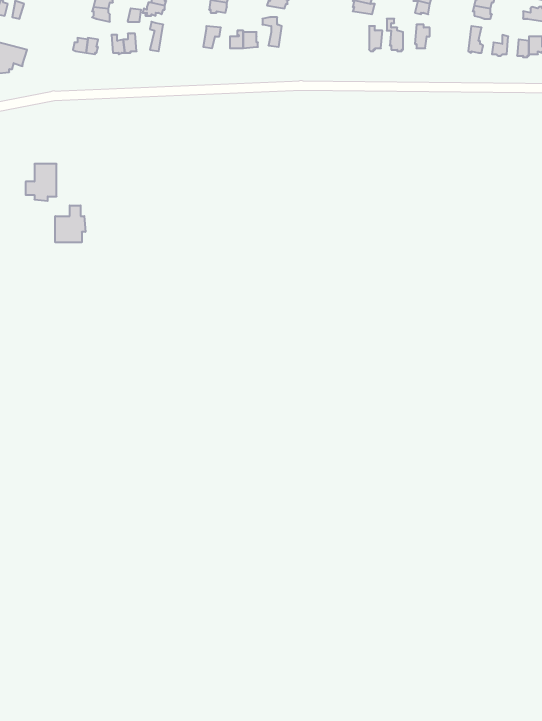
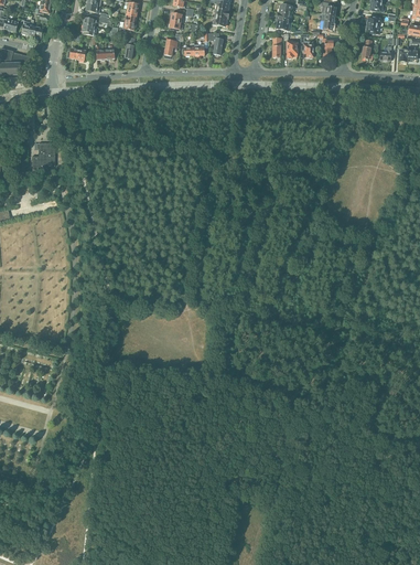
building: [55,205,85,242] -> none

